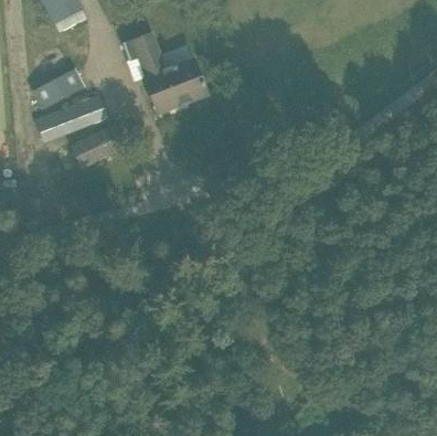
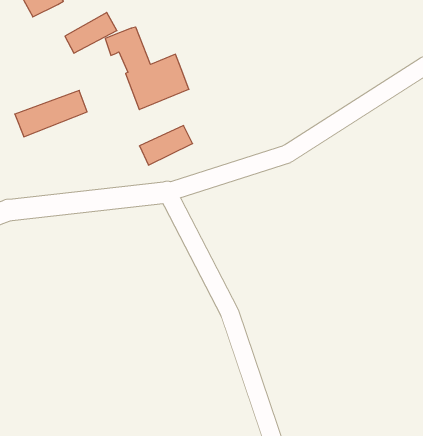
building: [31,67,82,107] -> [65,12,117,53]
building: [70,125,121,163] -> [139,126,193,165]

